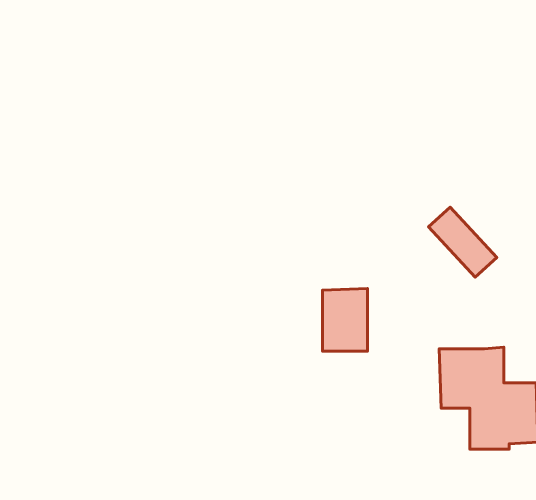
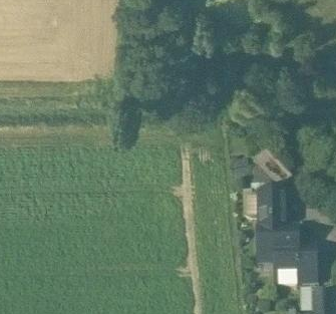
building: [323,288,367,351] -> [259,190,284,225]

